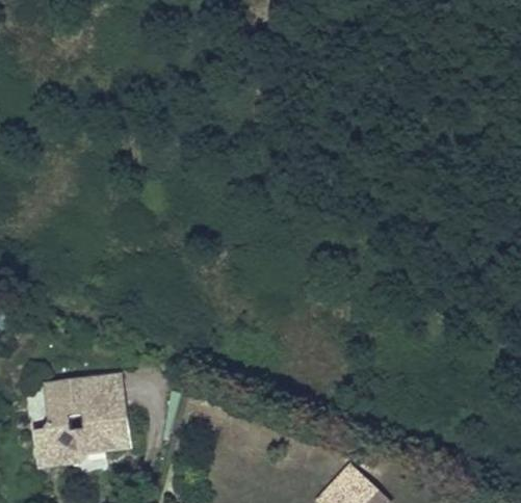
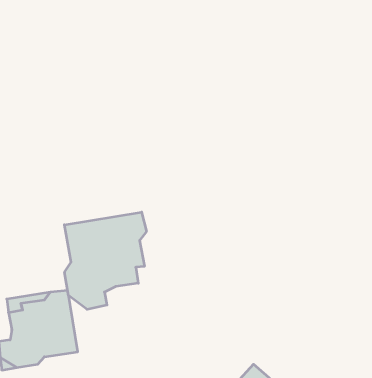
building: none -> [64,212,146,309]

